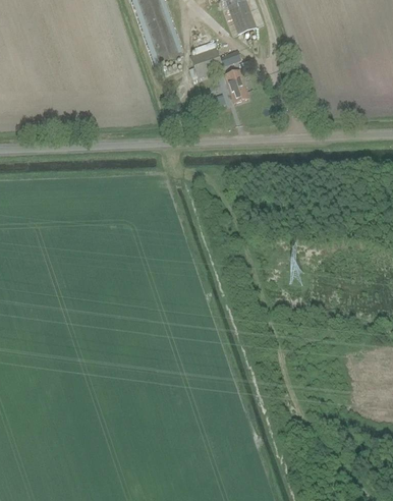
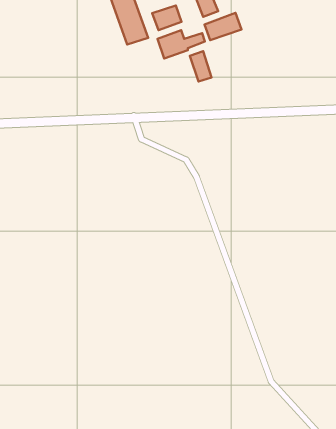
building: none -> [152,6,181,30]
building: none -> [205,13,242,40]

